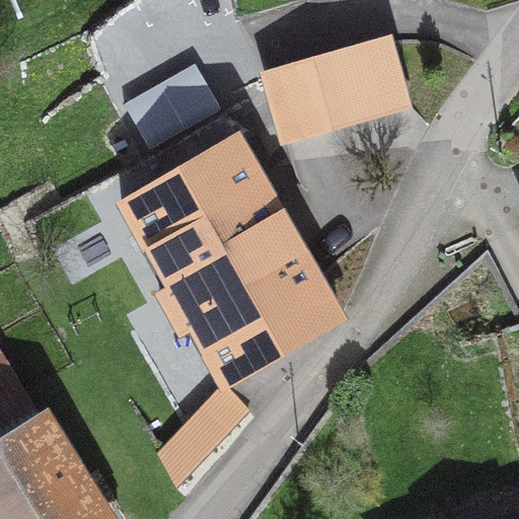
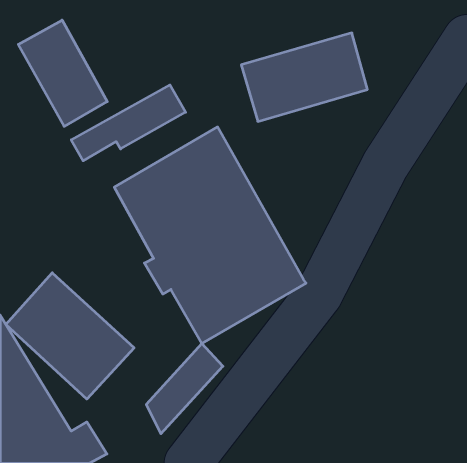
building: none -> [18,20,107,126]
building: none -> [6,273,134,399]

